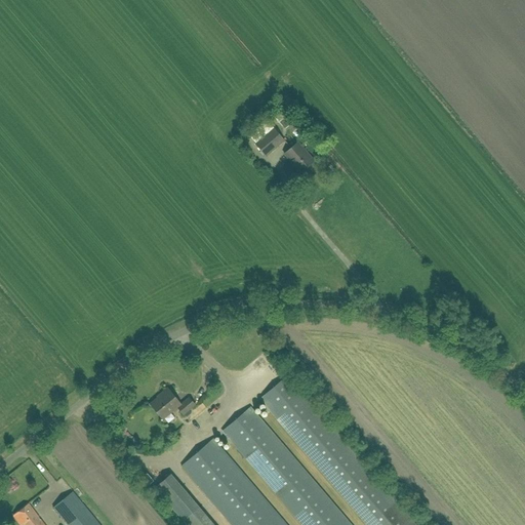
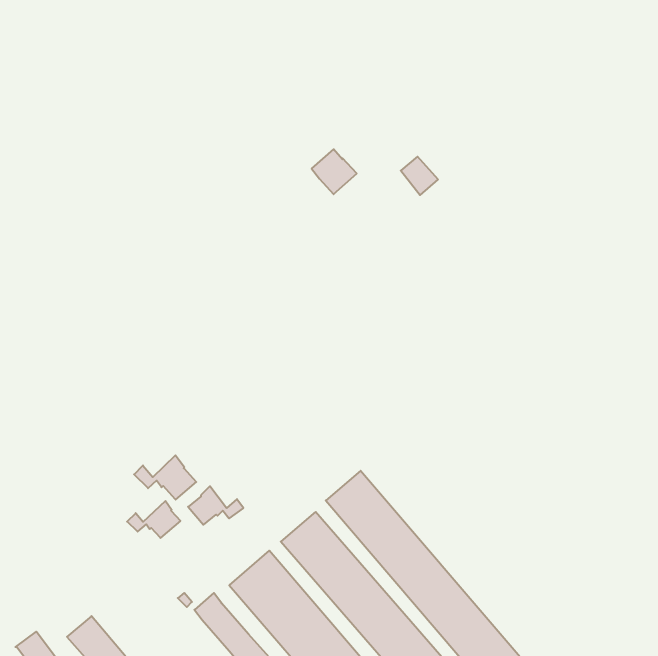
building: [284,142,314,172] -> [401,157,438,195]
building: none -> [134,455,196,500]
building: none -> [127,501,180,538]

